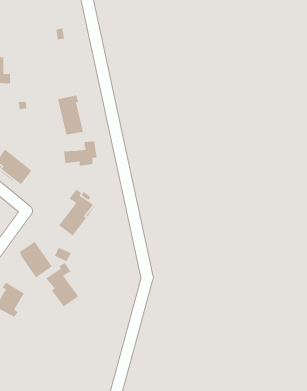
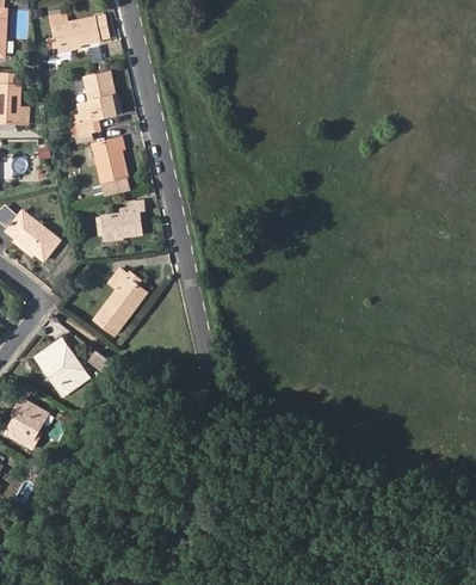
building: none -> [55,14,112,48]
building: none -> [78,73,116,134]
building: [45,262,79,308] -> none

